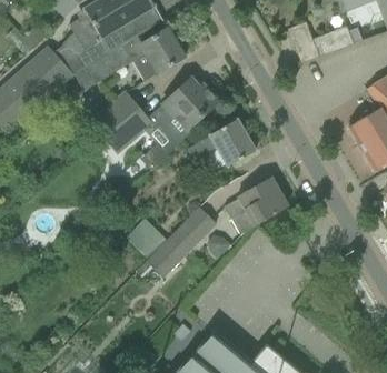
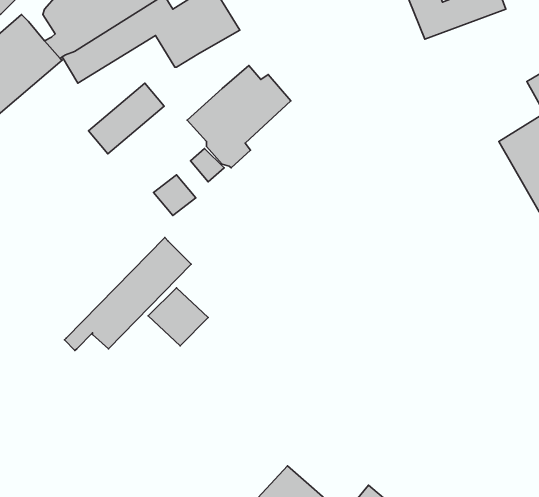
building: [102,104,155,154] -> none
building: [188,119,256,170] -> none
building: [226,177,288,234] -> none
building: [136,206,216,278] -> [64,238,191,350]

